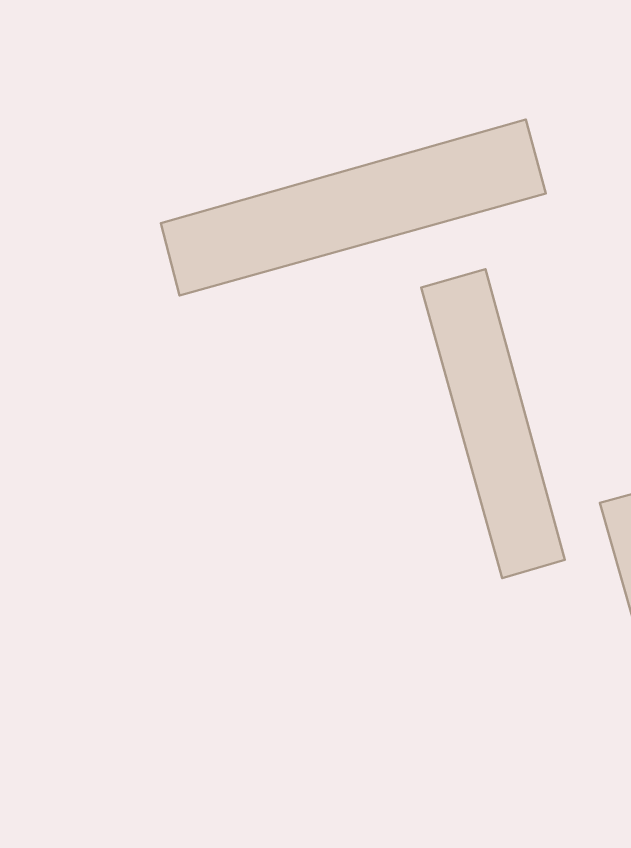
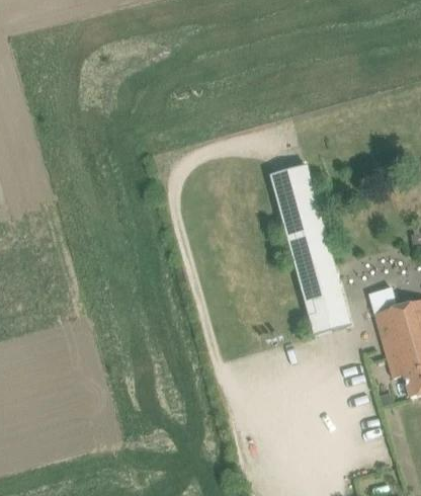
building: [161,119,546,295] -> none

